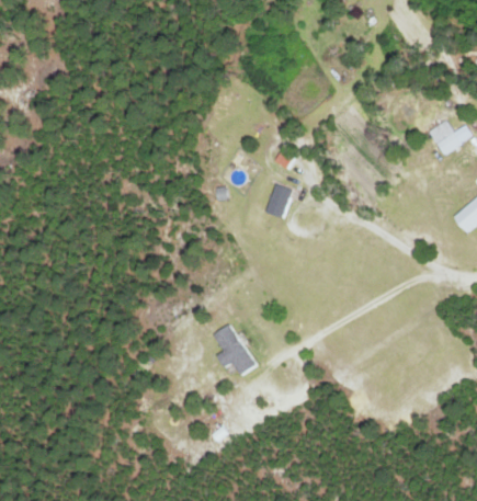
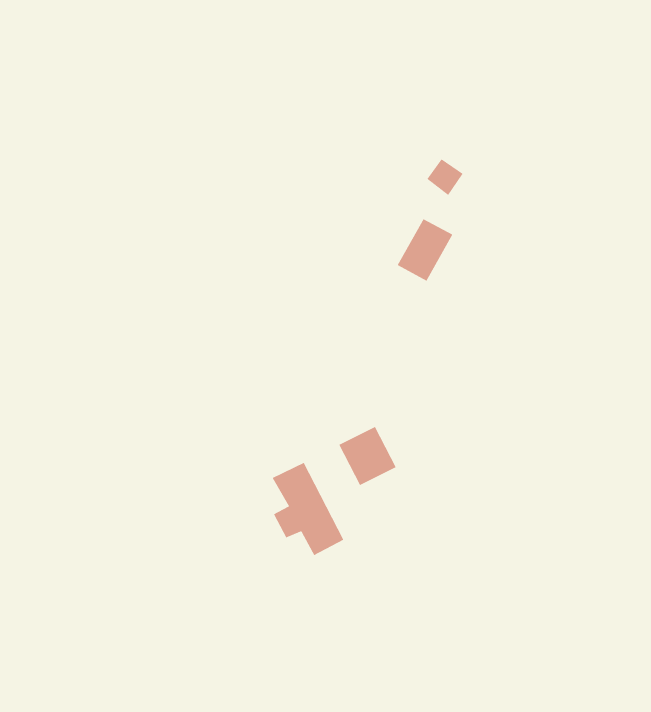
building: none -> [339,426,396,486]

